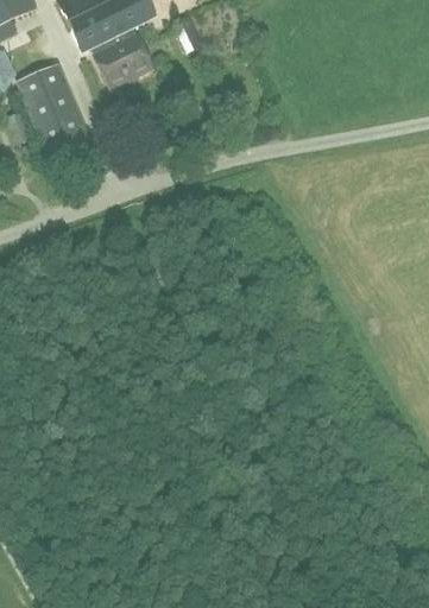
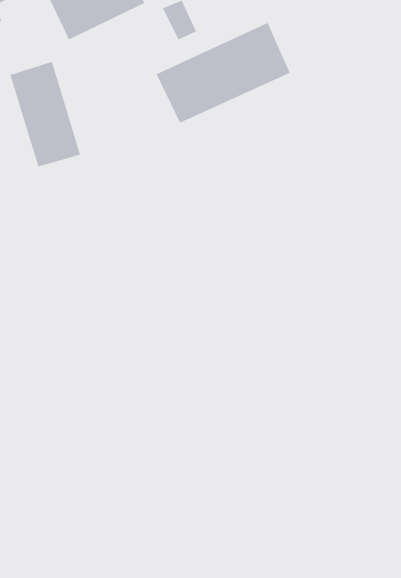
building: [90,23,150,81] -> none
building: none -> [156,22,290,124]

